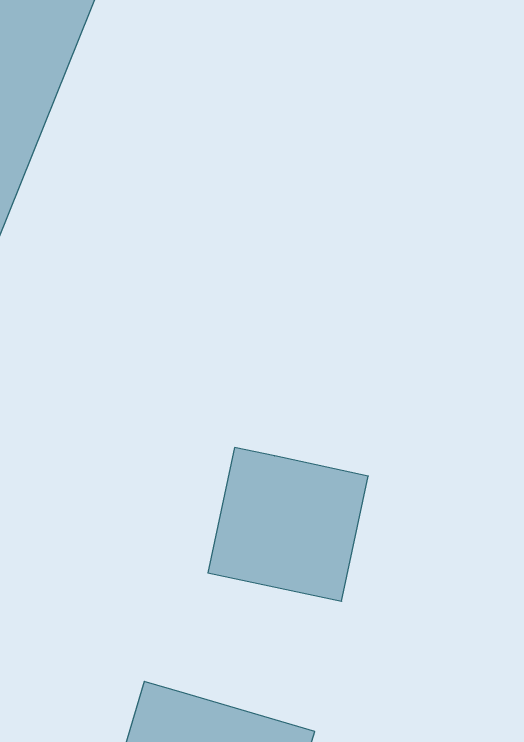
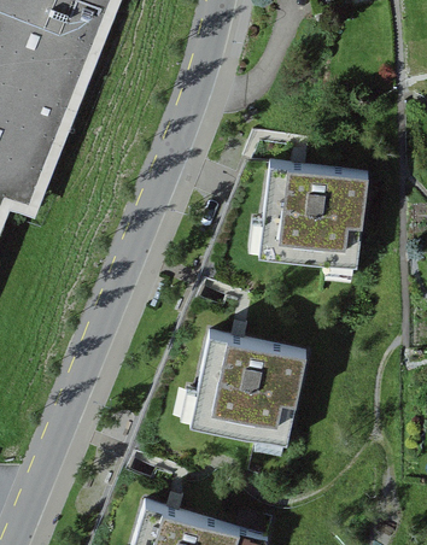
building: none -> [258,162,369,265]

